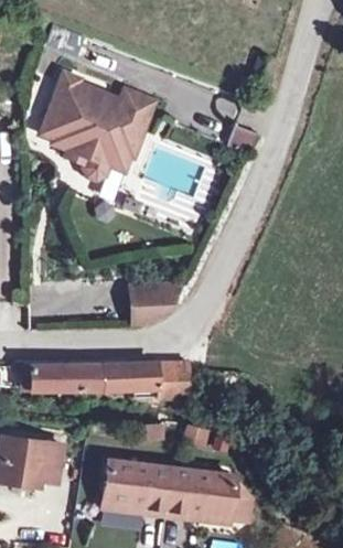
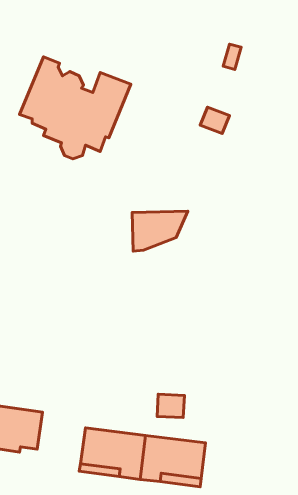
building: [132,283,191,325] -> [132,211,188,251]
building: [31,363,190,398] -> none

